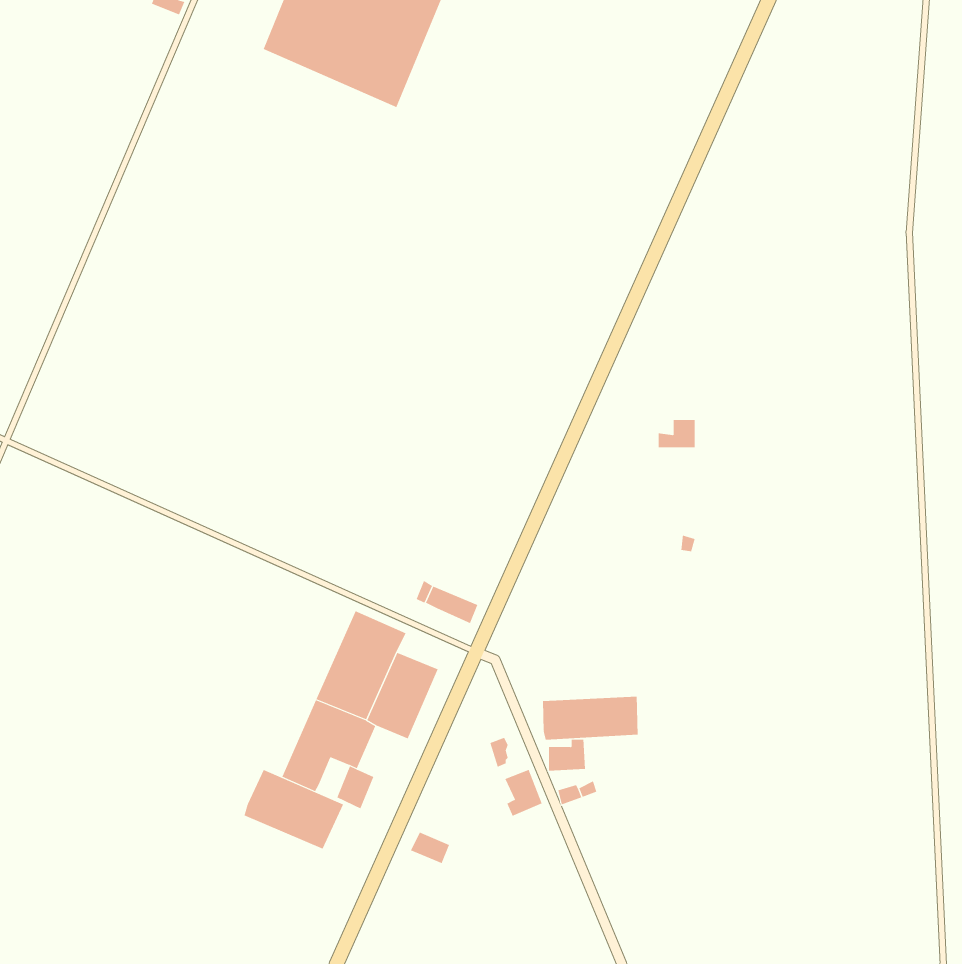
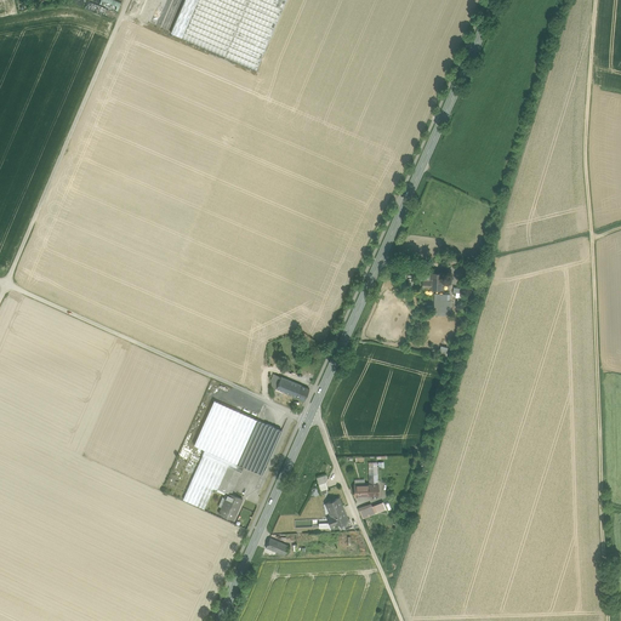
building: [542,696,638,741] -> none
building: [244,769,344,850] -> none

